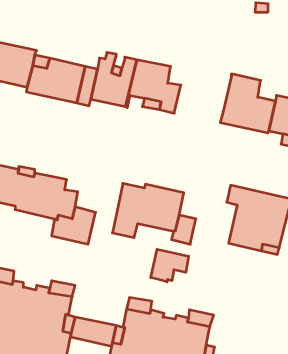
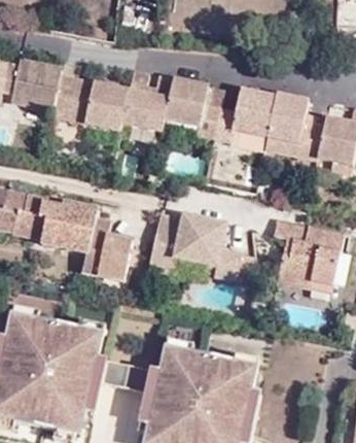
building: none -> [215,88,278,139]
building: [151,249,189,282] -> none

